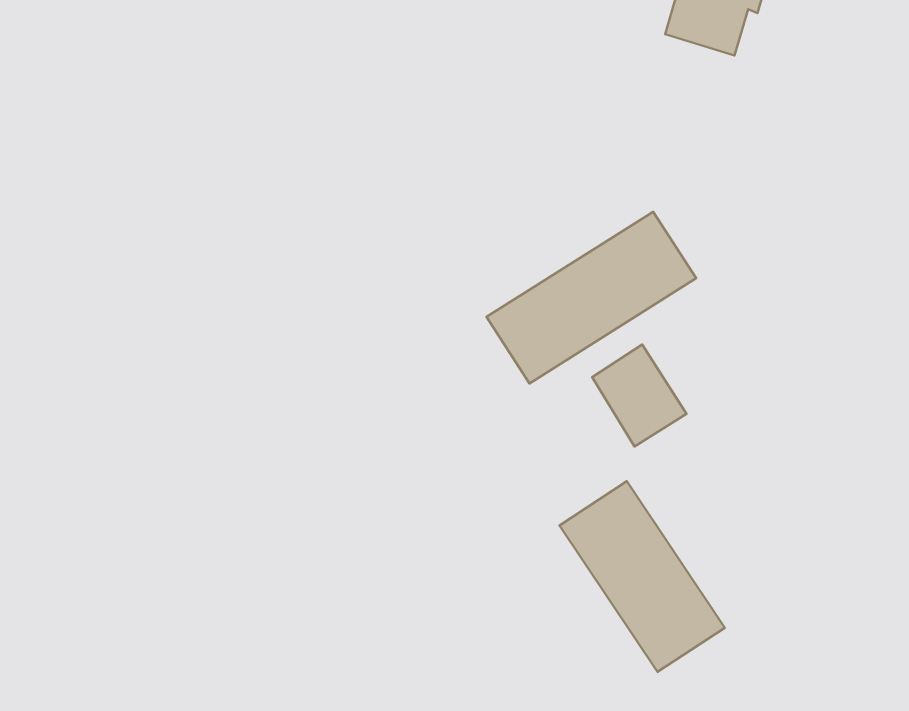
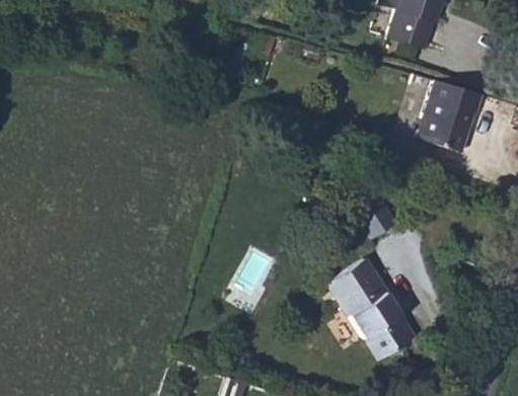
building: none -> [417,69,483,139]
building: [487,212,696,383] -> none

